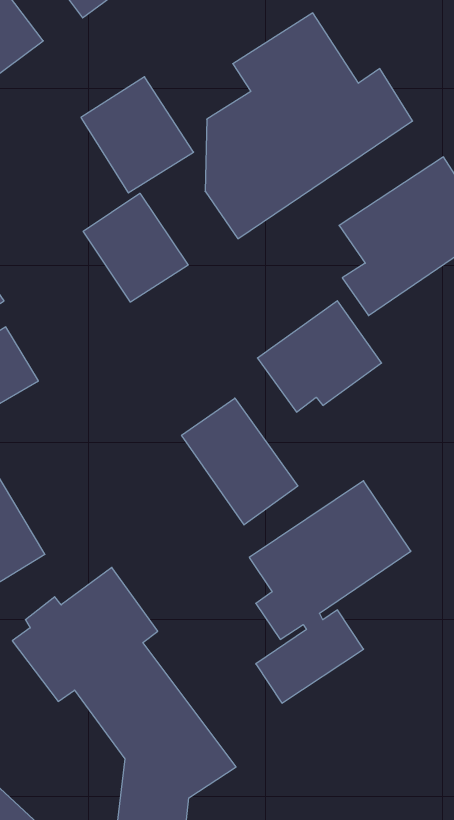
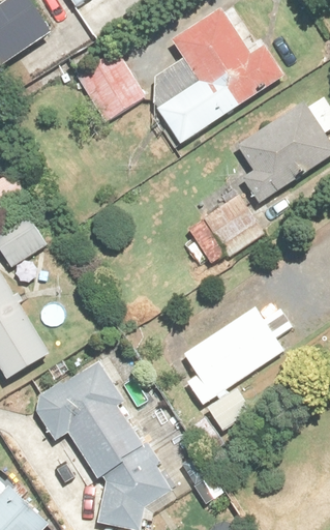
building: [83,193,188,302] -> none
building: [182,398,298,525] -> none

